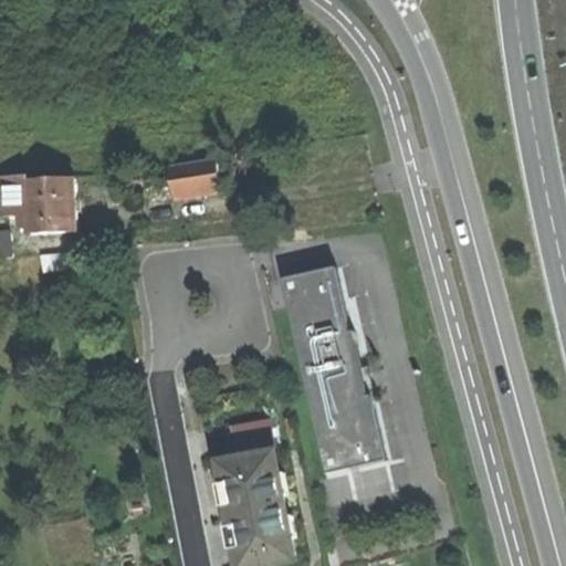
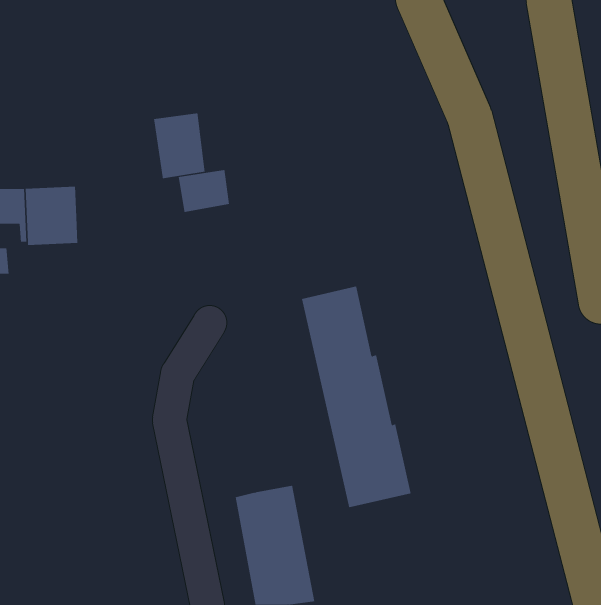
building: none -> [153,112,205,179]
building: [232,419,274,459] -> none

